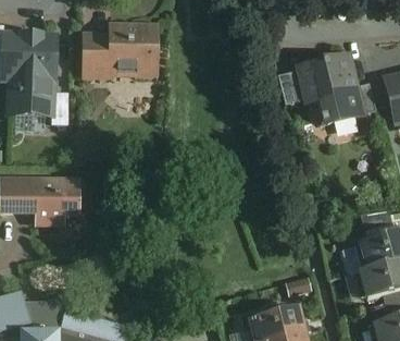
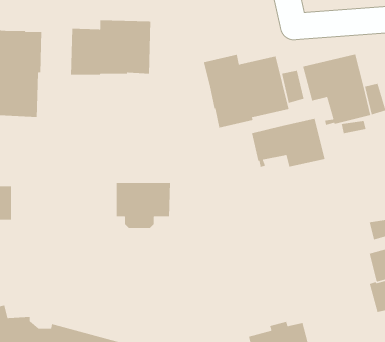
building: none -> [203,54,289,129]
building: none -> [251,118,325,168]
building: [27,179,78,222] -> [116,182,171,229]

